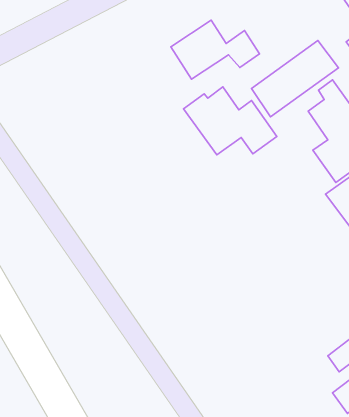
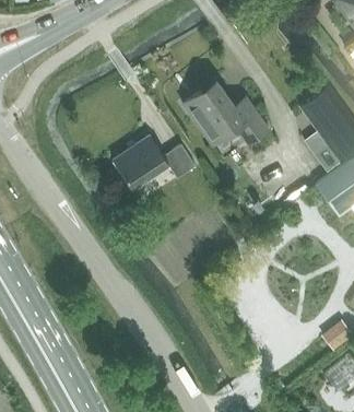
building: [171,20,260,79] -> [113,134,197,190]
building: [252,40,338,117] -> none

